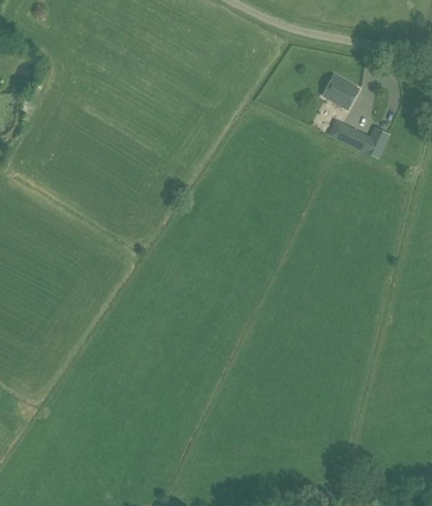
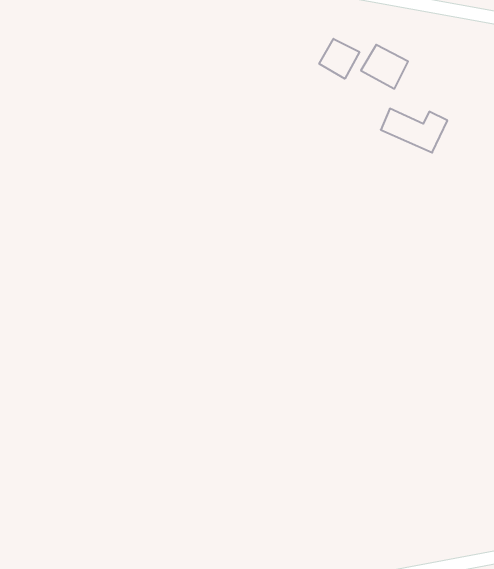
building: none -> [319,39,359,79]

